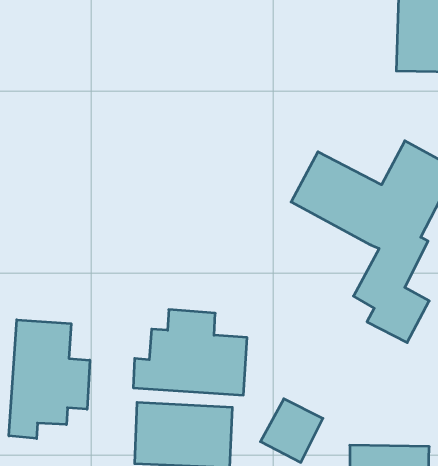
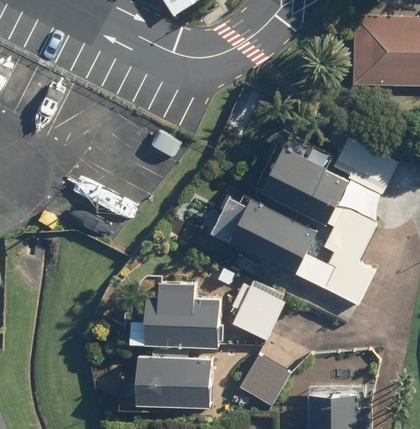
building: none -> [229,200,318,277]
building: none -> [231,284,283,342]
building: [9,320,90,439] -> none

